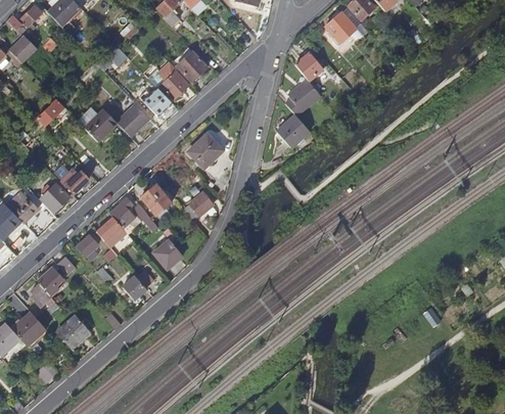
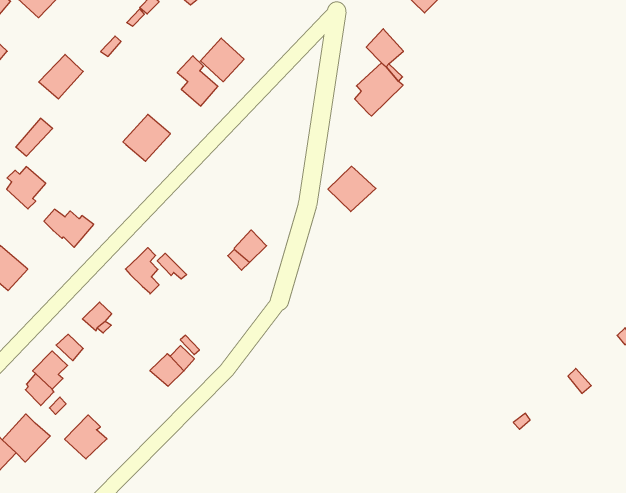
building: [146,88,172,117] -> none
building: [84,109,117,141] -> [39,54,83,99]
building: [275,113,310,146] -> [328,166,376,212]
building: [187,134,223,169] -> none
building: [39,181,67,212] -> [7,167,46,209]
building: [140,184,172,216] -> none
building: [97,217,126,245] -> none
building: [153,239,182,269] -> none

